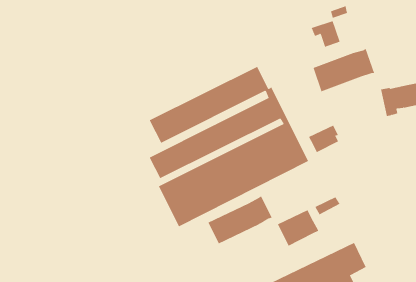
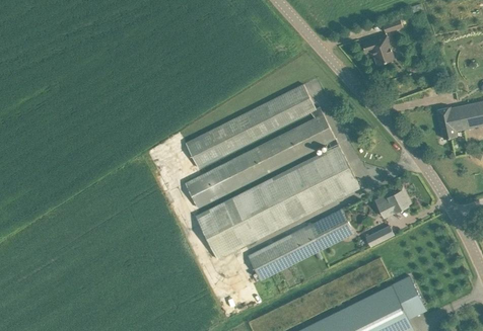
building: [313,48,375,92] -> none
building: [308,125,339,153] -> [373,187,407,218]
building: [277,209,319,247] -> [306,210,352,250]

